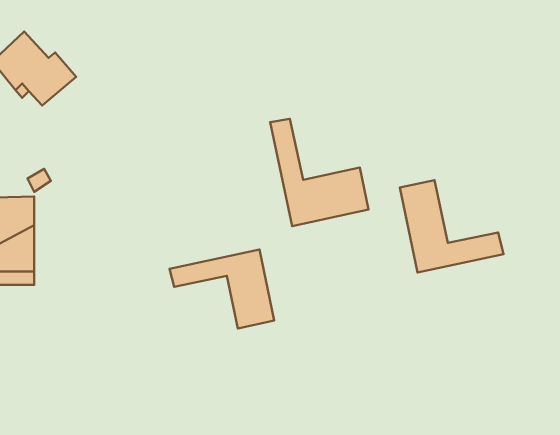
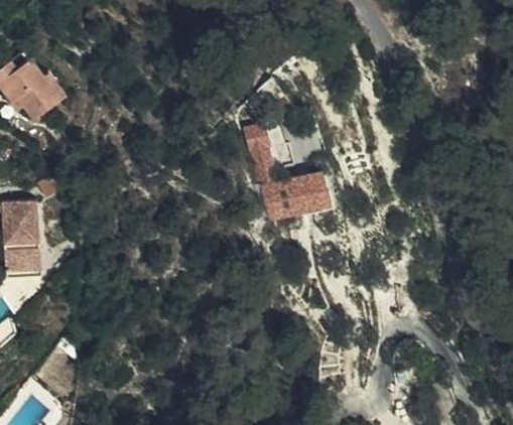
building: [400,180,504,273] -> none
building: [169,250,274,328] -> none

